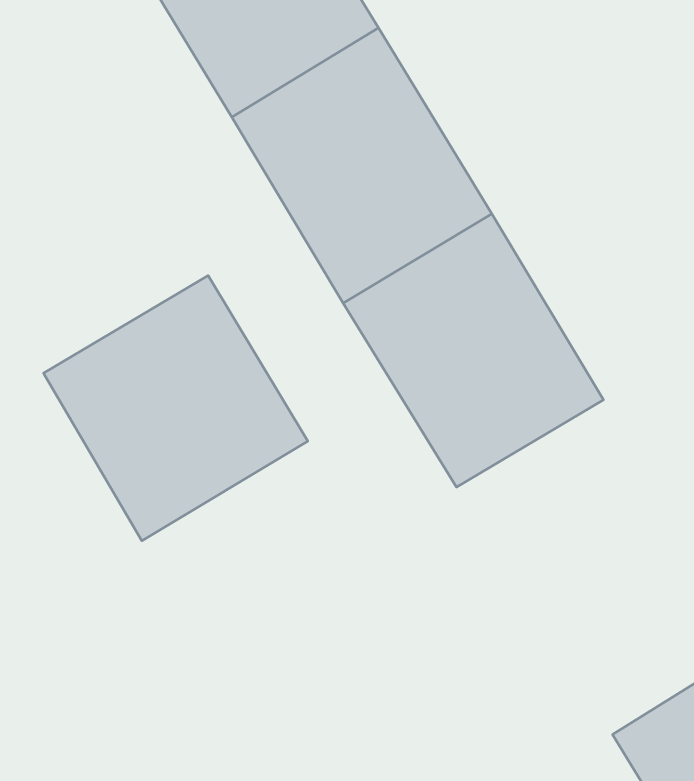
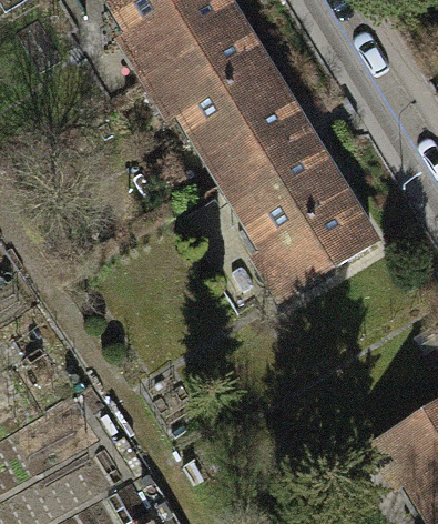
building: [44,275,308,541] -> none

